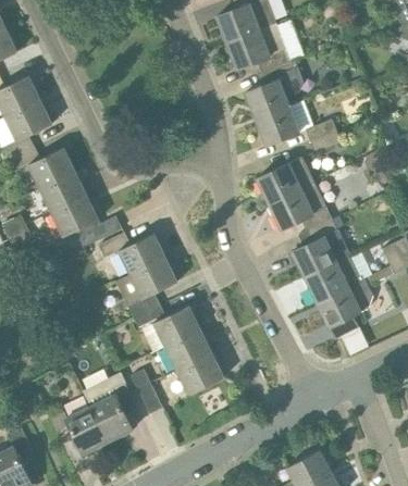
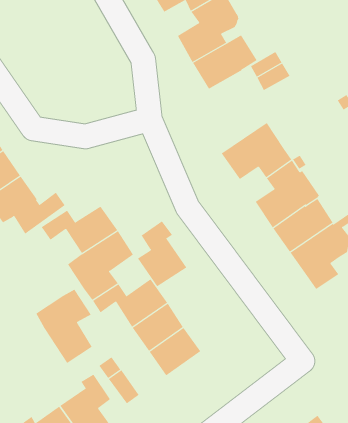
building: [256,158,313,203] -> none
building: none -> [137,221,187,287]
building: none -> [35,289,92,364]

